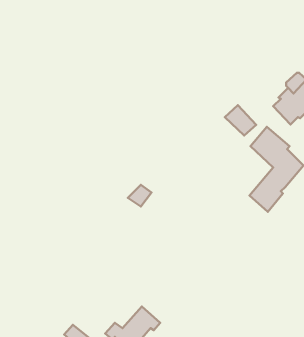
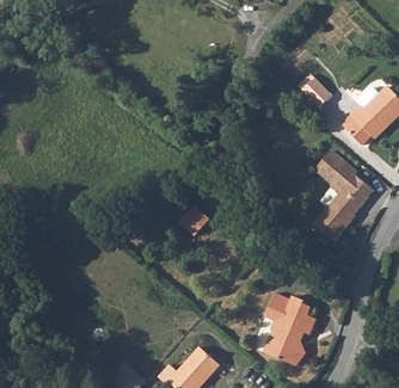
building: [225,105,256,135] -> [299,73,333,106]
building: none -> [258,292,312,364]

